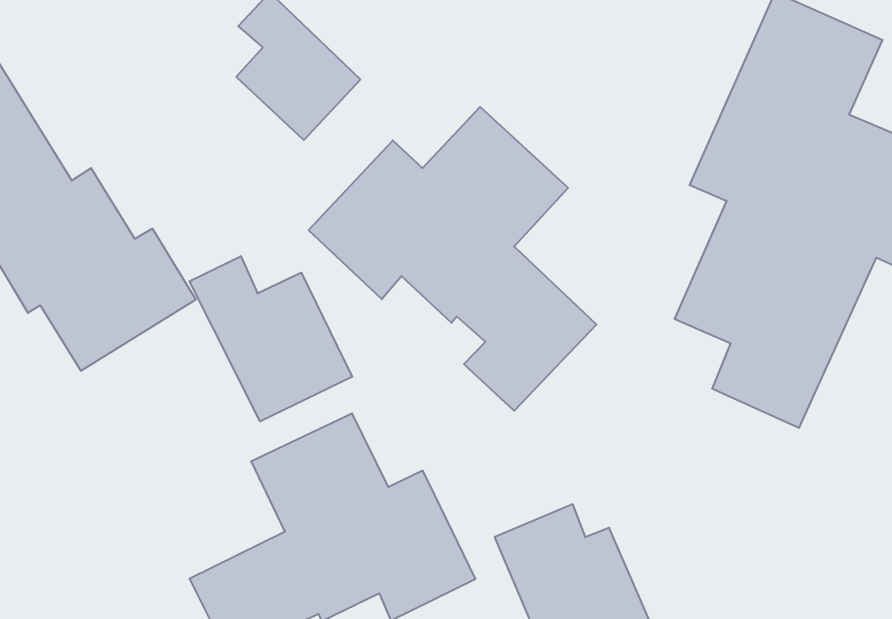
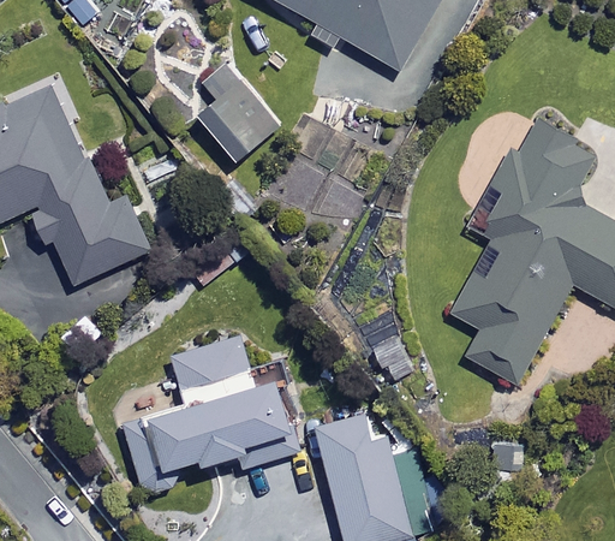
building: [309,107,597,411] -> none
building: [189,256,352,421] -> none

